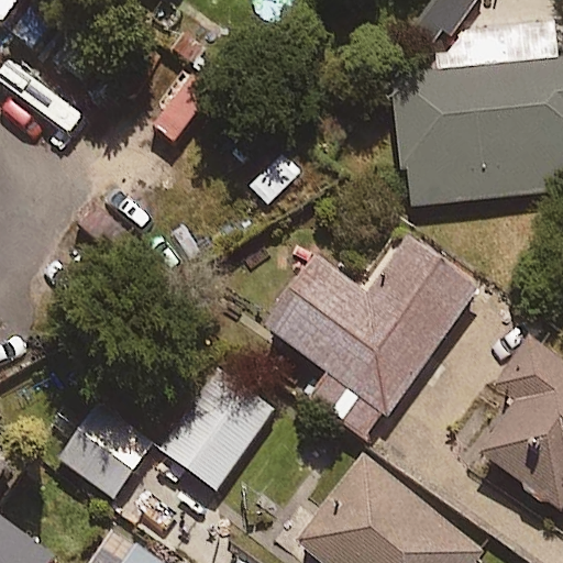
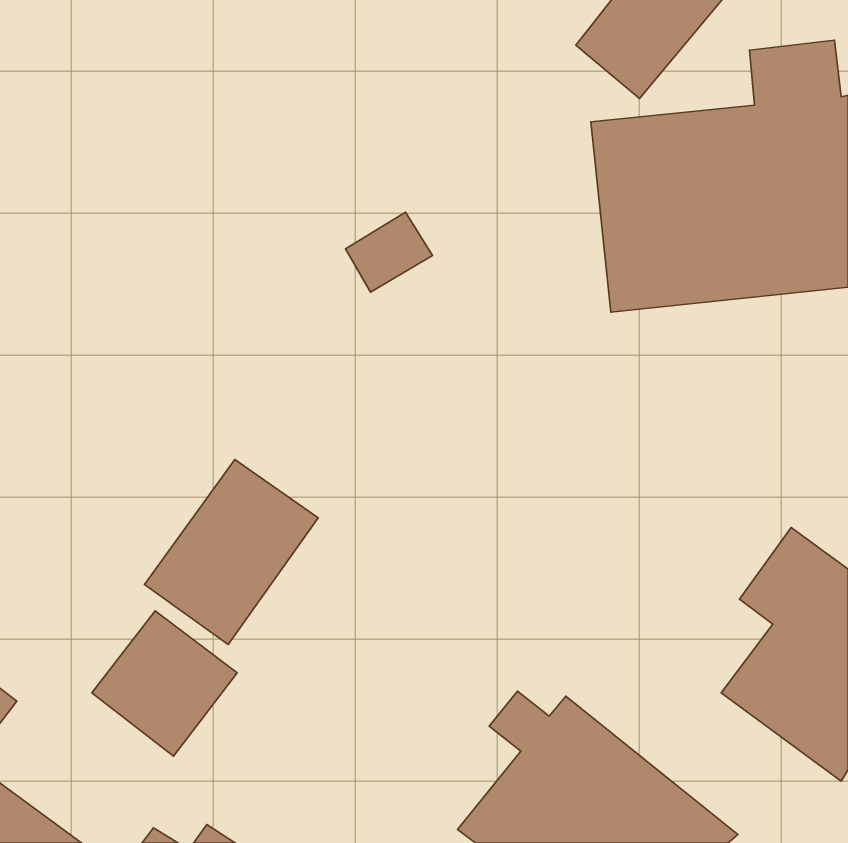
building: [273,241,481,438] -> none
building: [162,366,276,488] -> [145,459,318,645]

